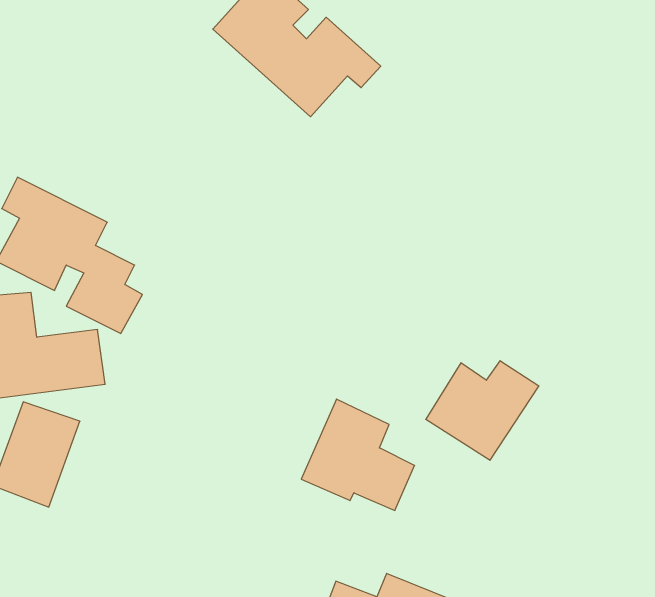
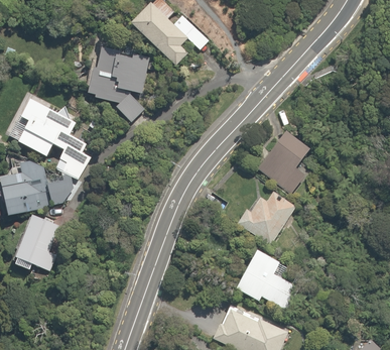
building: none -> [83,43,153,122]
building: none -> [257,130,309,195]
building: [301,399,415,510] -> [236,247,294,305]

